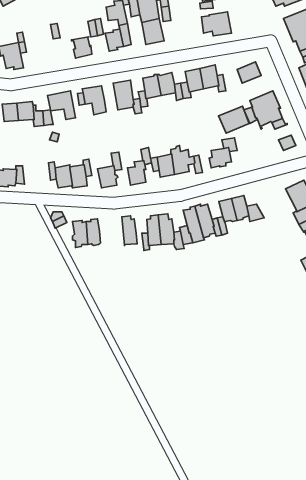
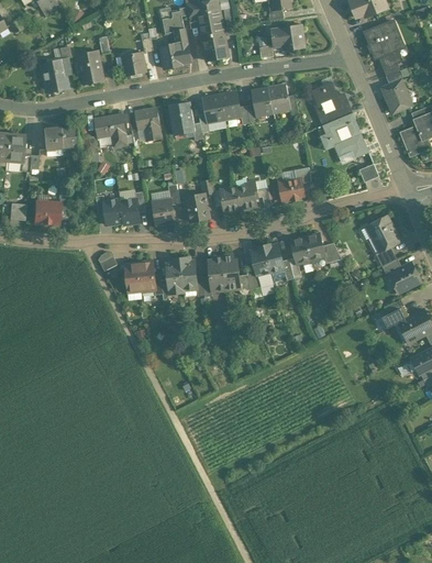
building: none -> [78,49,103,84]
building: [218,106,249,133] -> [317,93,352,124]
building: none -> [166,257,184,294]

